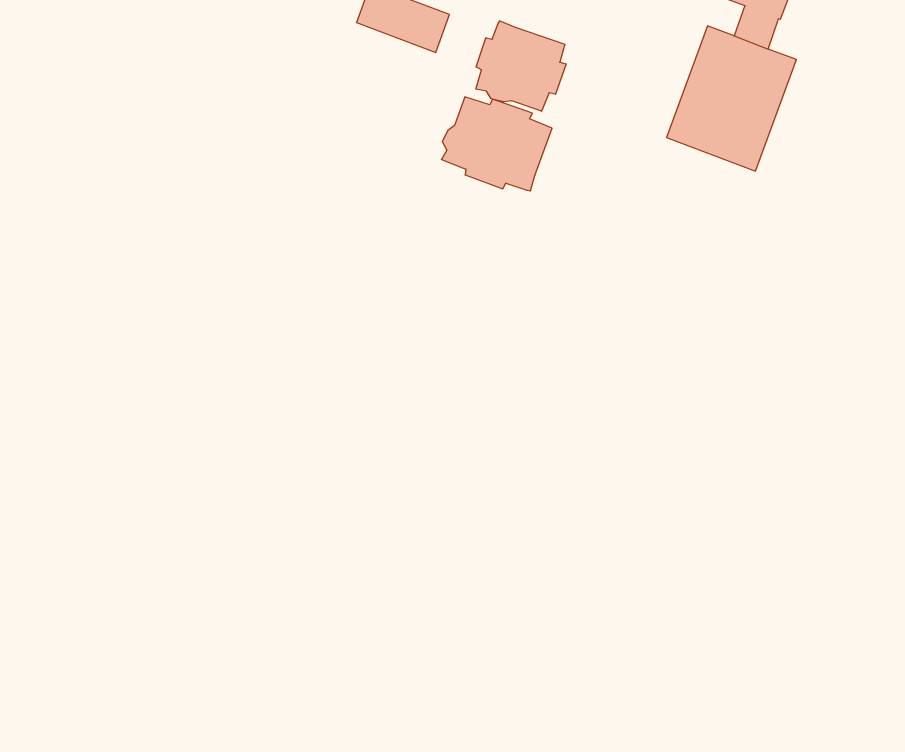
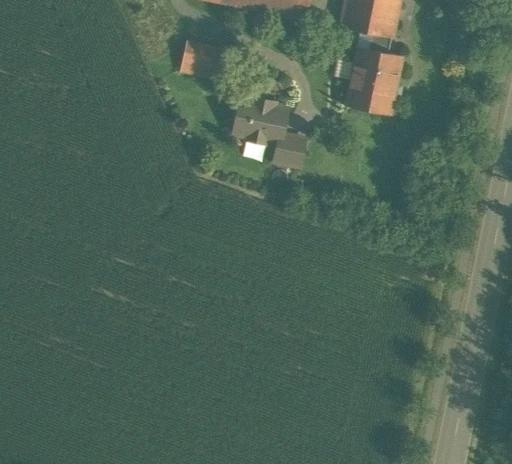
building: [476,21,566,111] -> none
building: none -> [275,131,305,163]

